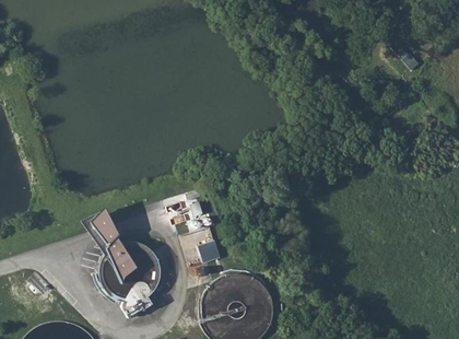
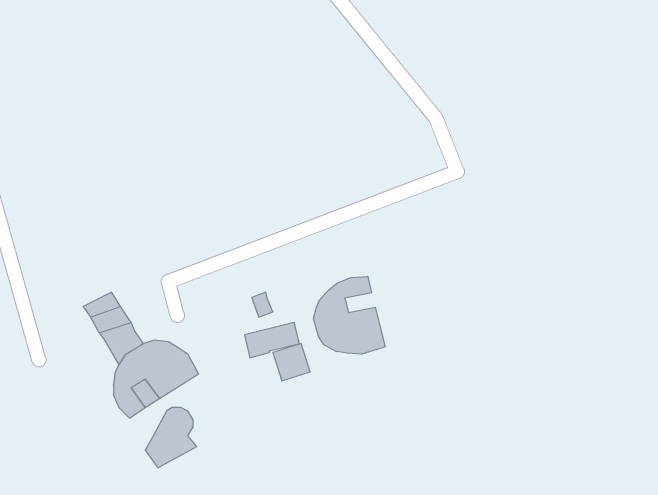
building: none -> [313,276,385,354]

